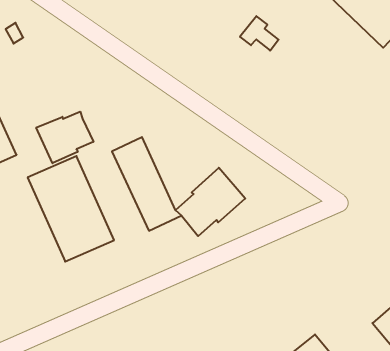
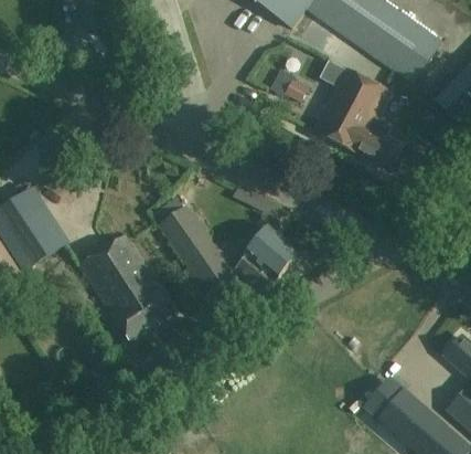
building: none -> [313,68,404,166]
building: [36,112,93,163] -> none

